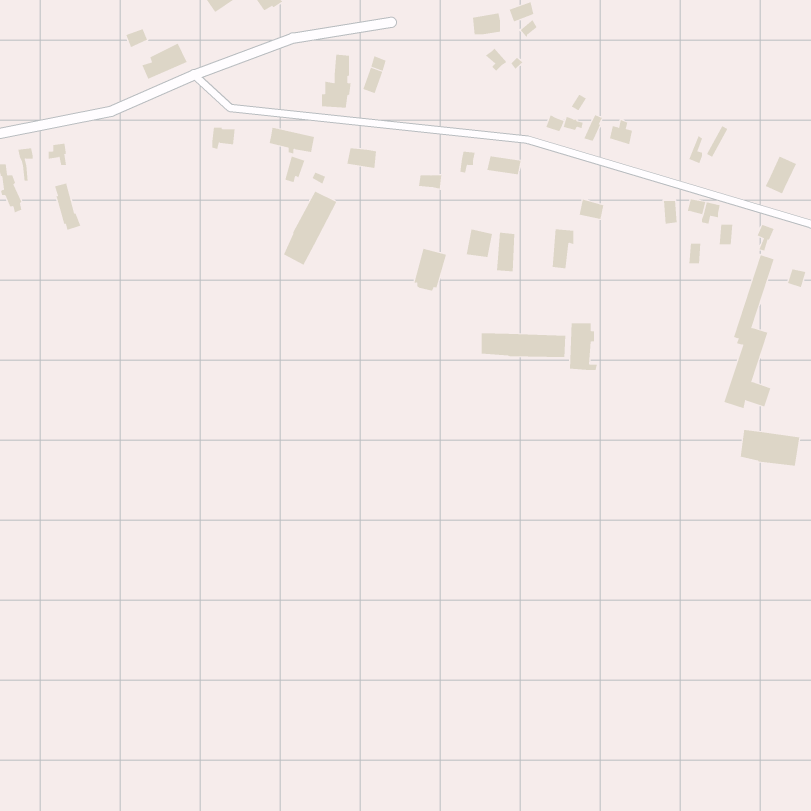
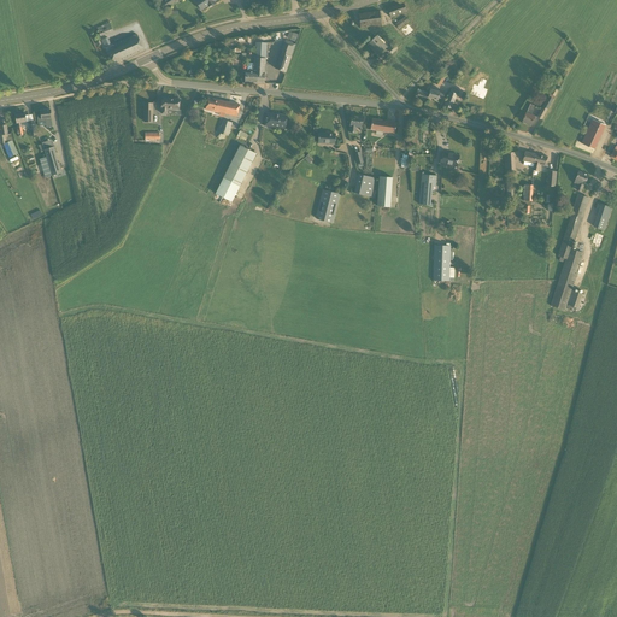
building: [481,332,566,358] -> none
building: [740,429,800,467] -> none

